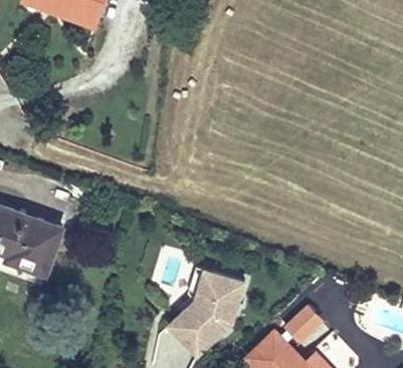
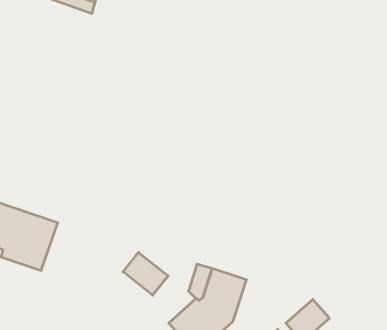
building: none -> [123,252,168,295]

